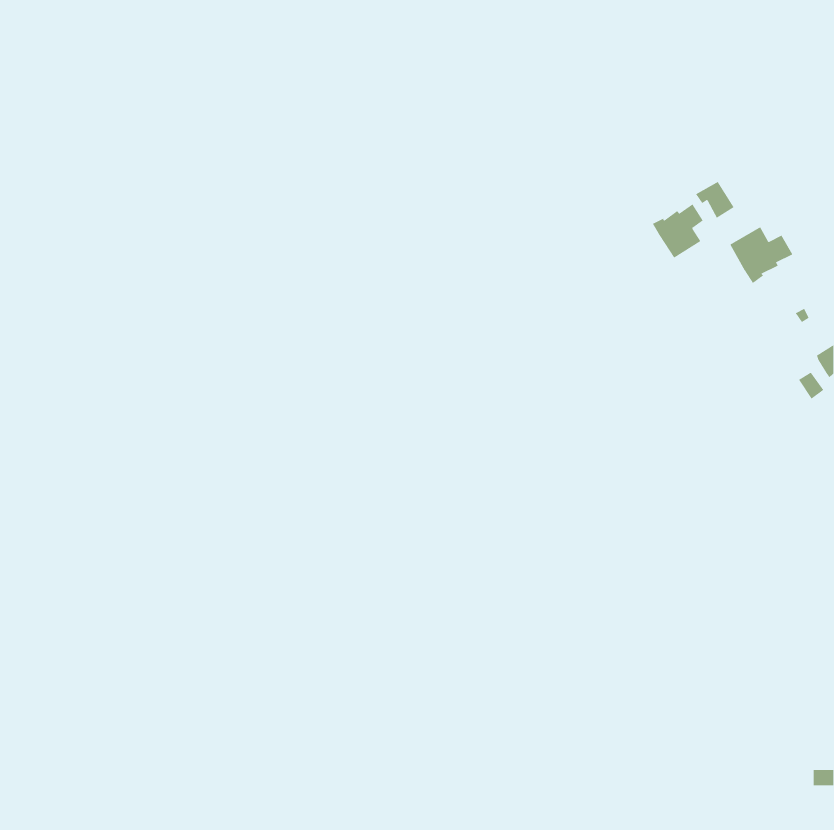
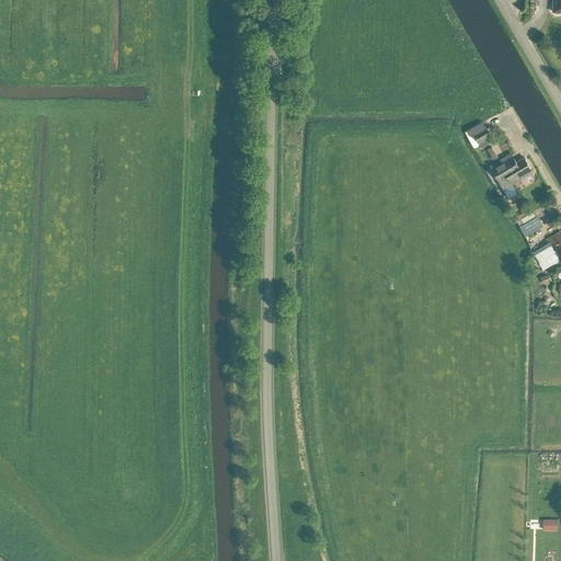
building: [652,203,703,259] -> none

